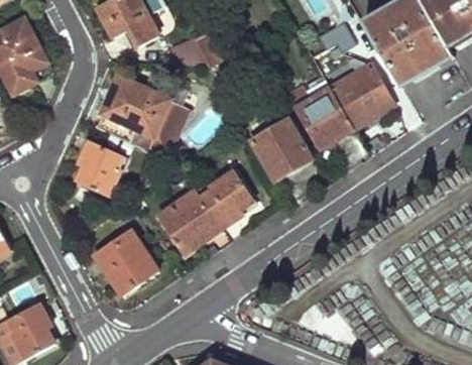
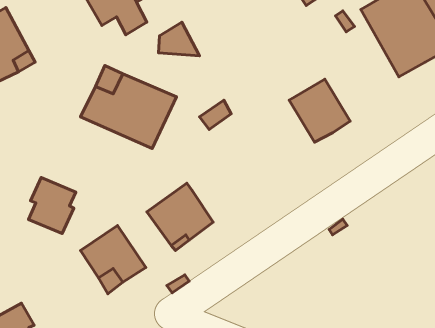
building: [329,65,394,129] -> none
building: [246,121,309,176] -> none
building: [76,141,121,195] -> [29,178,76,233]
building: [202,168,259,226] -> none

